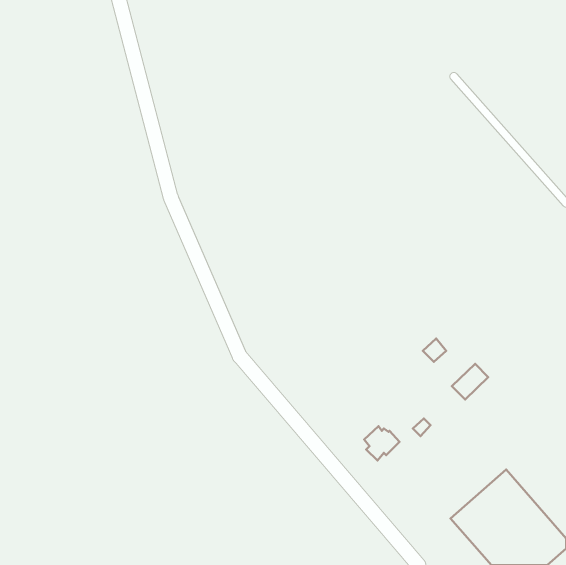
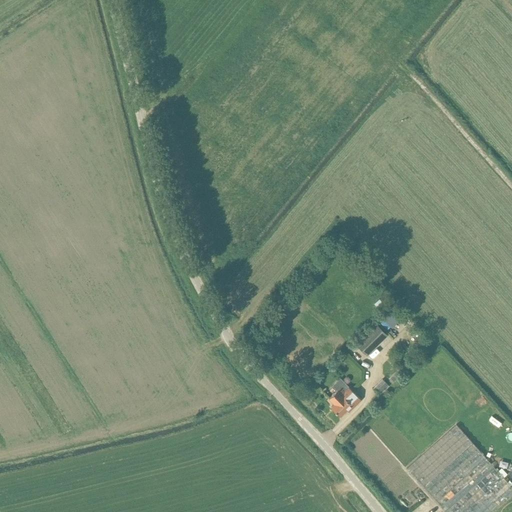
building: [452,364,488,399] -> [354,322,387,354]

